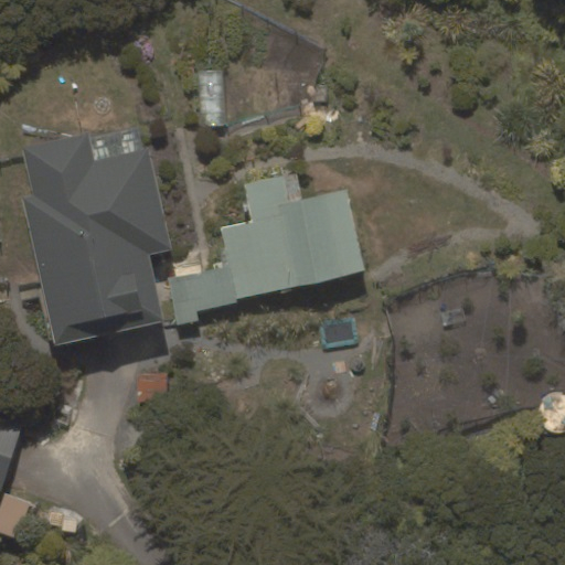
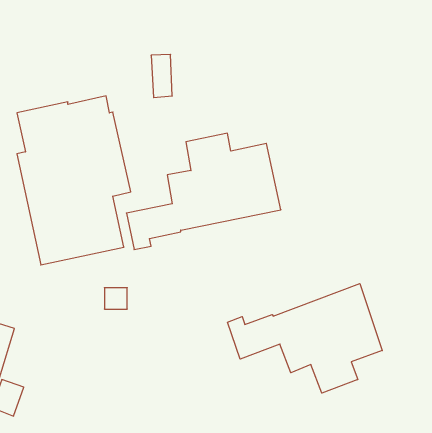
building: none -> [228,284,382,393]

